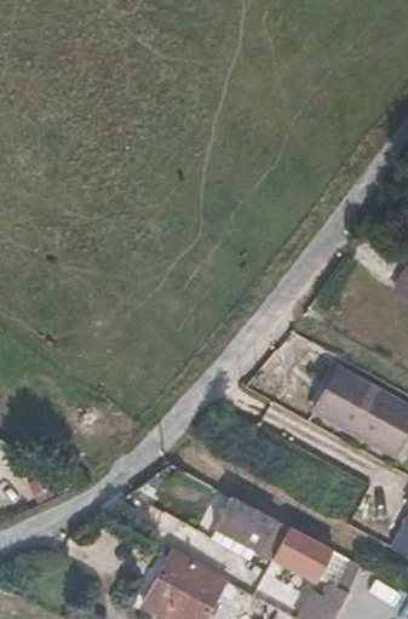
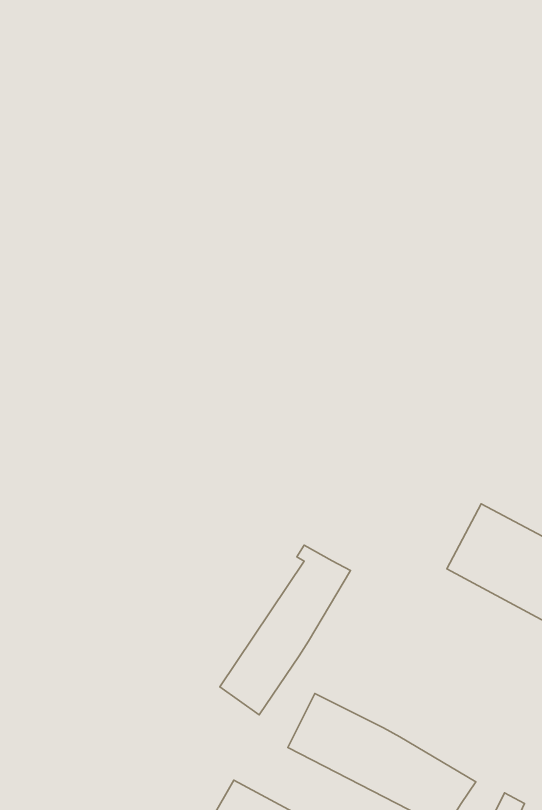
building: none -> [220,545,351,715]

